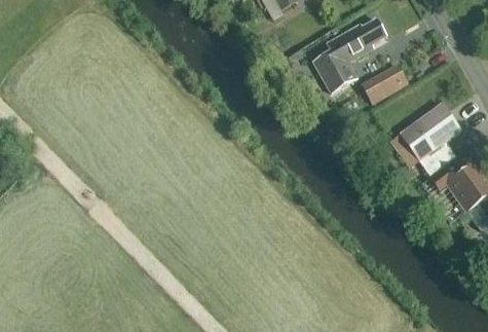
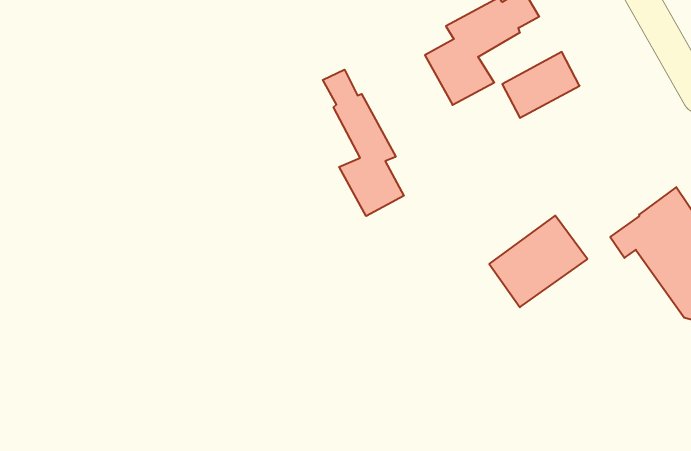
building: none -> [323,70,404,216]
building: [400,103,462,161] -> [489,216,587,307]

